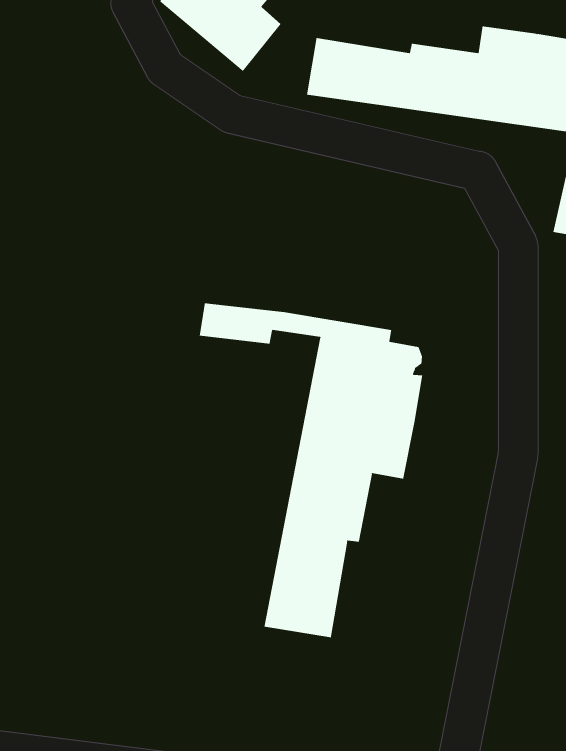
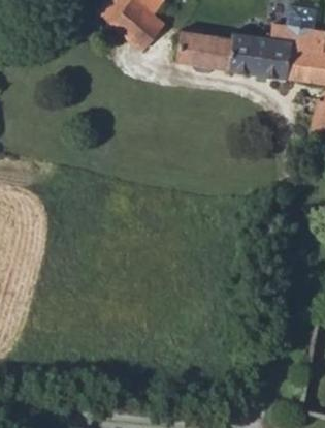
building: [199,302,423,638] -> none

